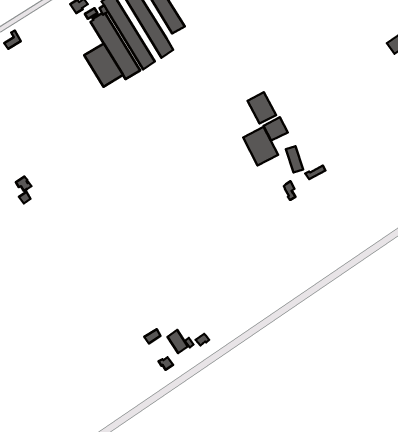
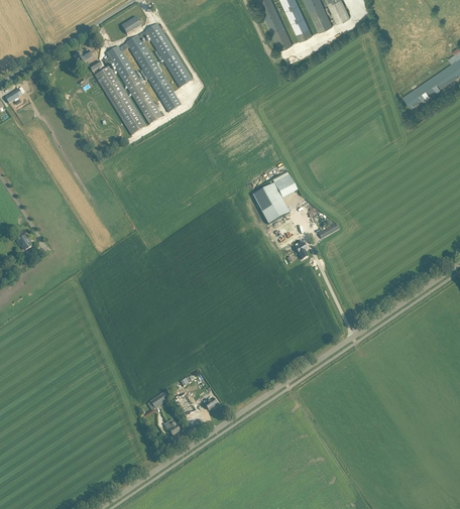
building: [84,43,123,87] -> none
building: [248,92,276,124] -> none

